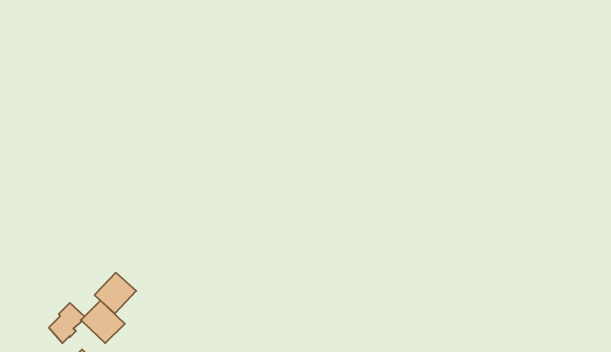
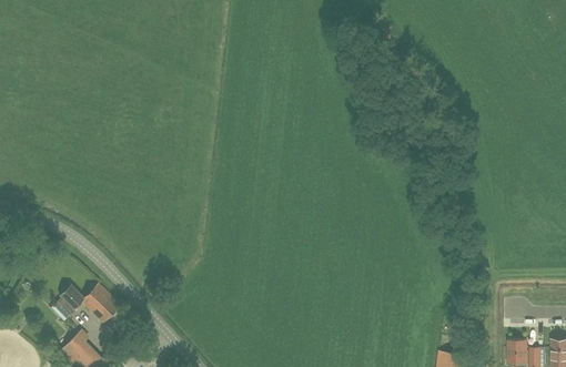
building: [95,273,136,314] -> none

